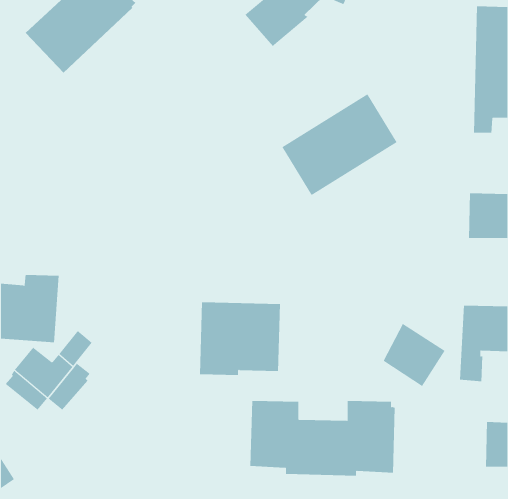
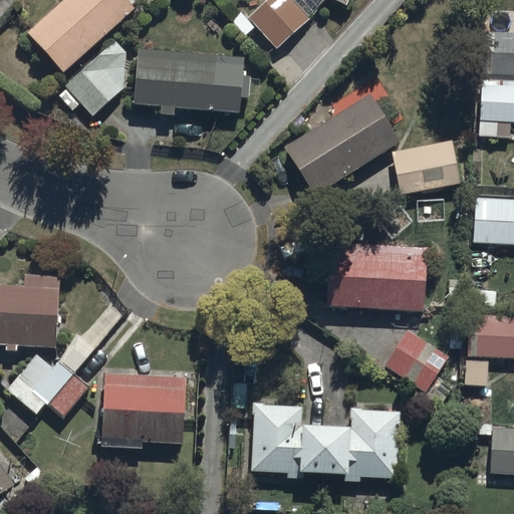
building: none -> [59,36,126,114]
building: none -> [134,50,251,115]
building: none -> [393,139,460,194]
building: none -> [327,245,428,320]
building: [199,302,281,375] -> [103,372,186,447]

